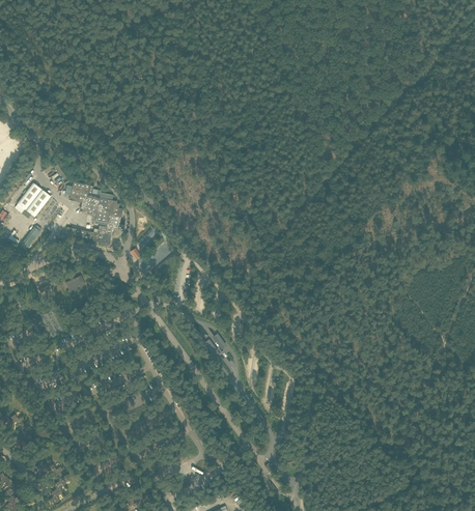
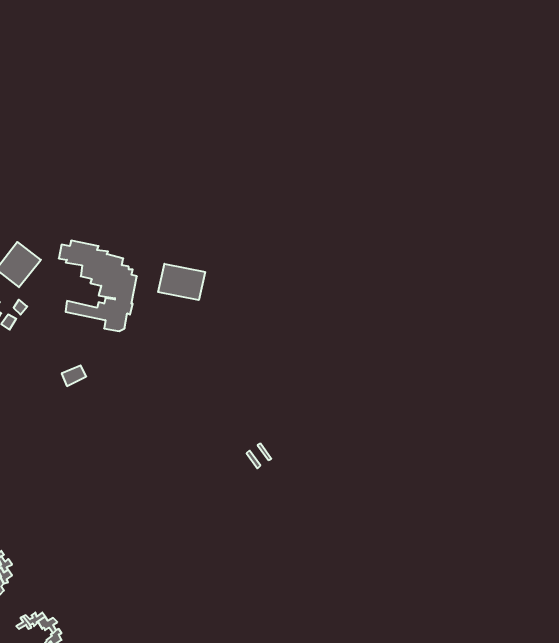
building: none -> [158,264,205,300]

